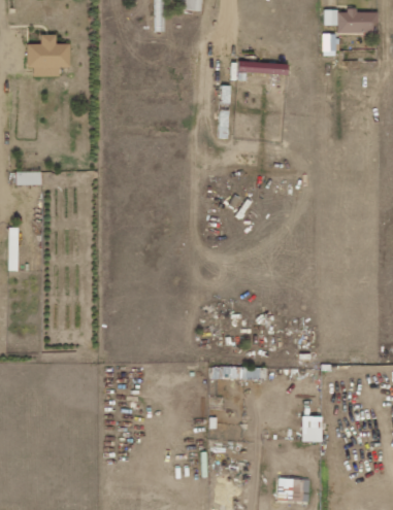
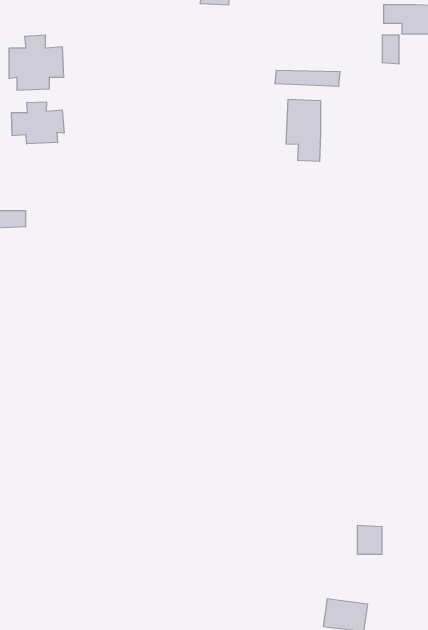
building: none -> [286,99,321,162]
building: none -> [11,102,64,144]

